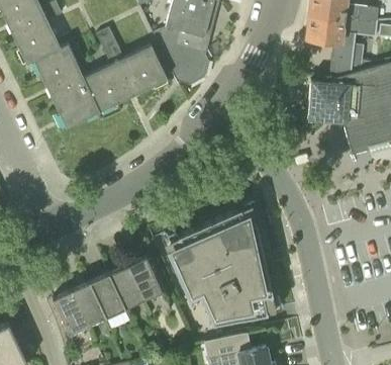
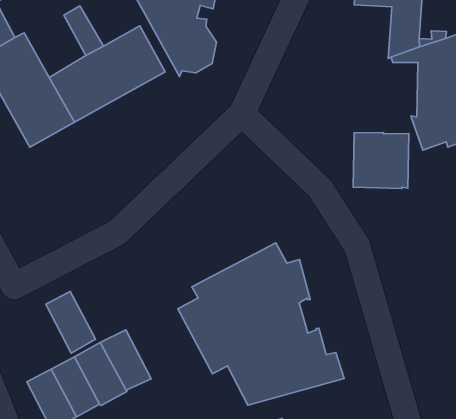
building: [308,82,351,124] -> [353,132,409,189]
building: [128,258,163,302] -> [46,292,95,353]

